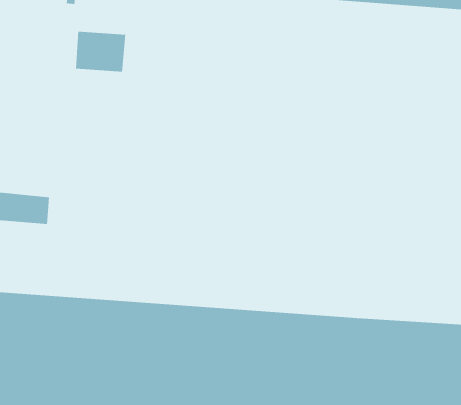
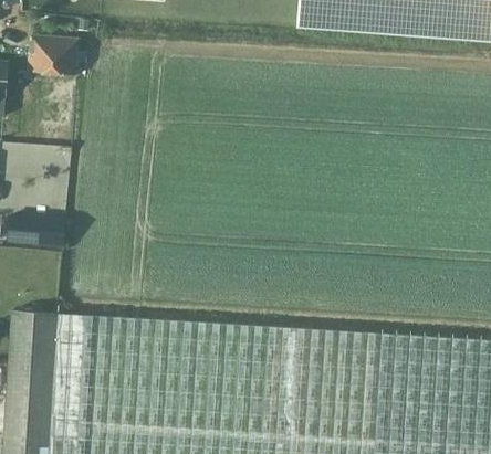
building: [75,31,126,72] -> [28,34,77,74]

